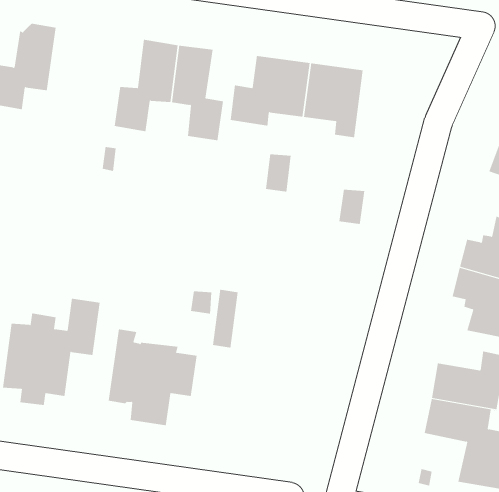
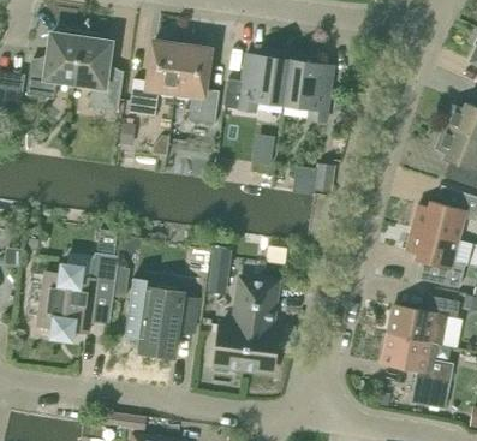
building: none -> [74,31,123,111]
building: none -> [215,279,278,371]

